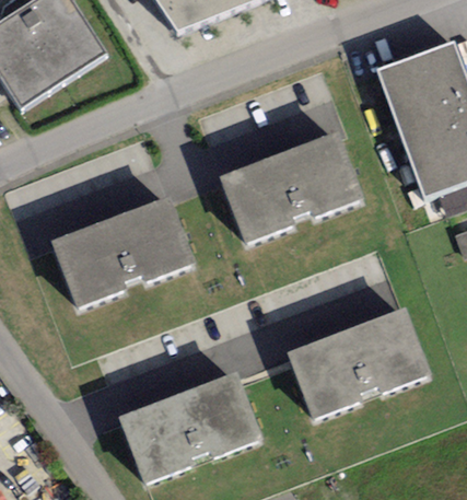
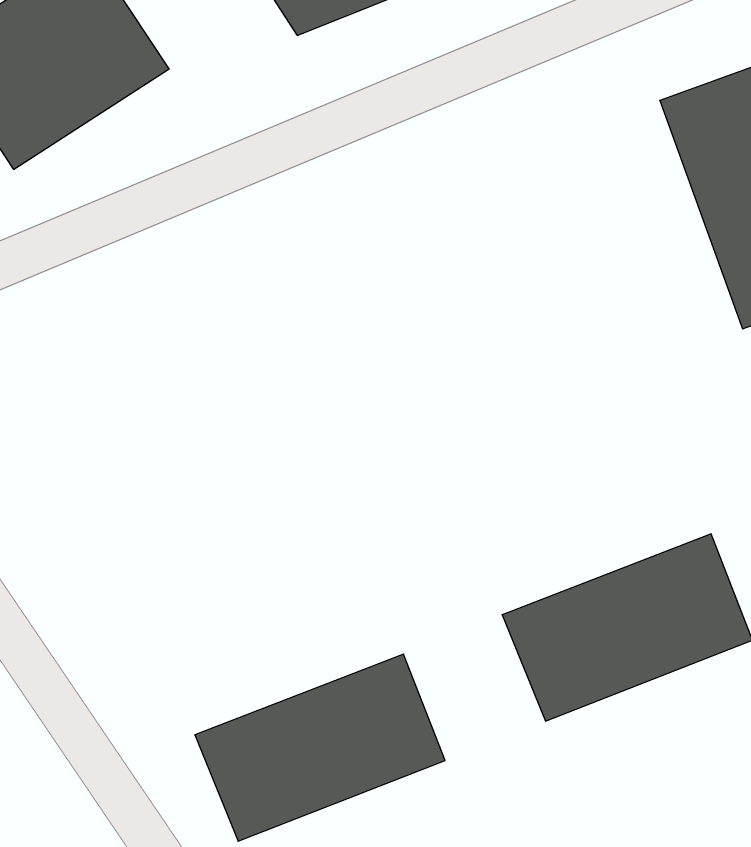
building: [220,133,358,239] -> none
building: [52,200,191,304] -> none

